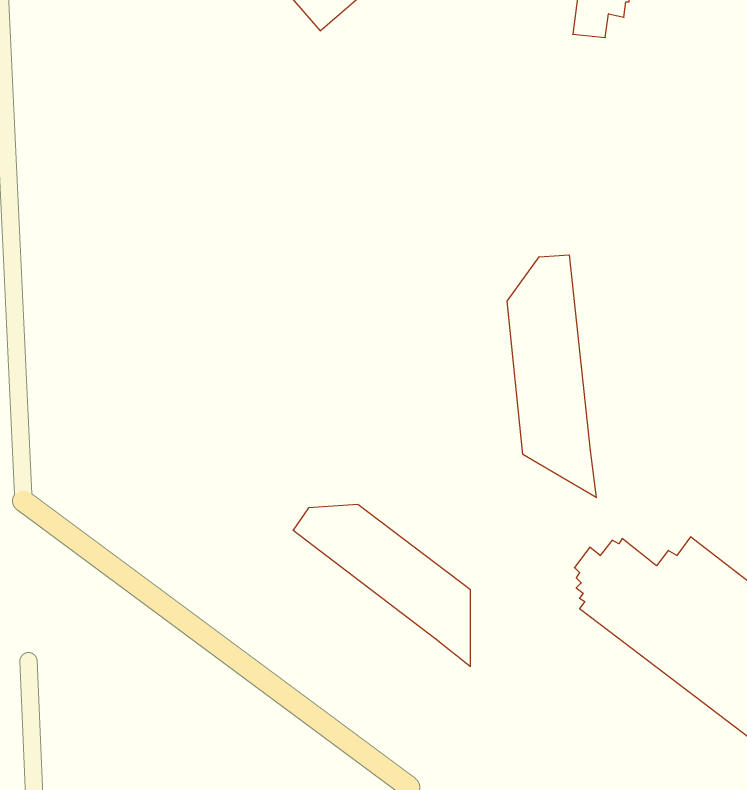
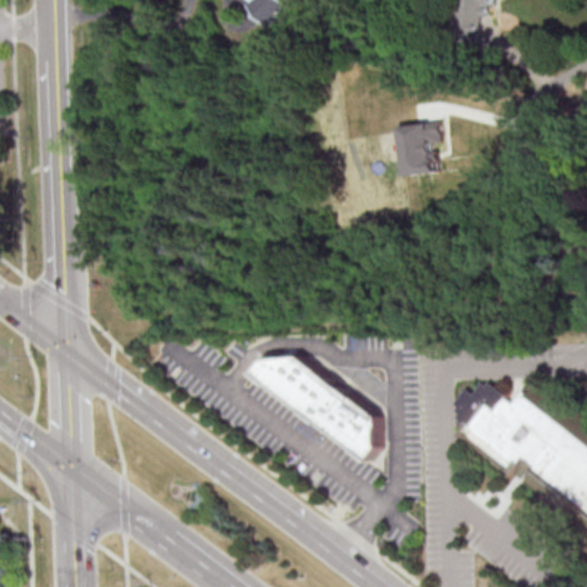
building: none -> [396,119,441,174]
building: [507,255,596,498] -> none

